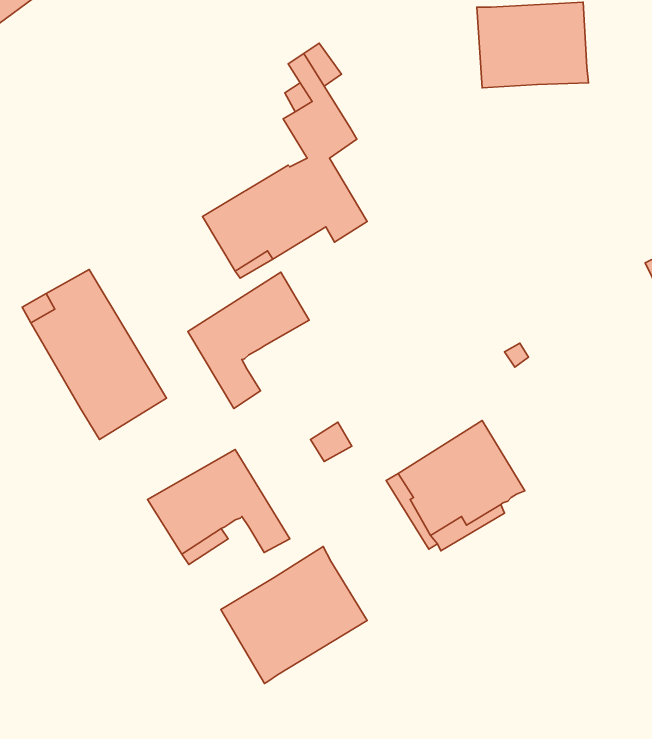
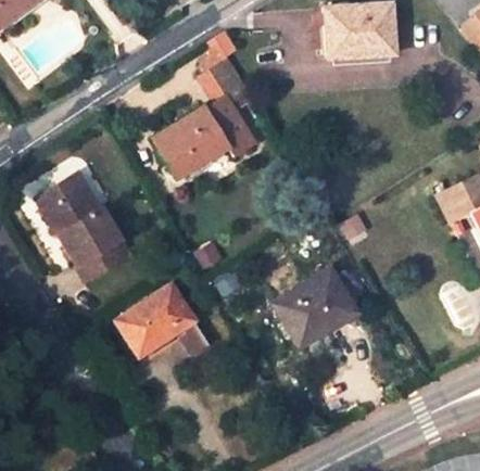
building: [188,272,309,409] -> none
building: [221,546,367,684] -> none

